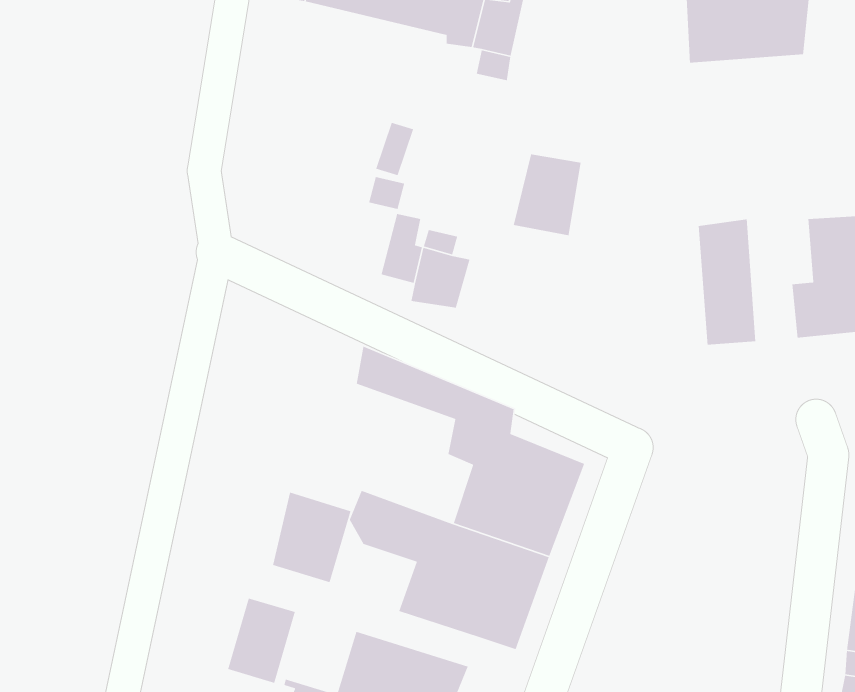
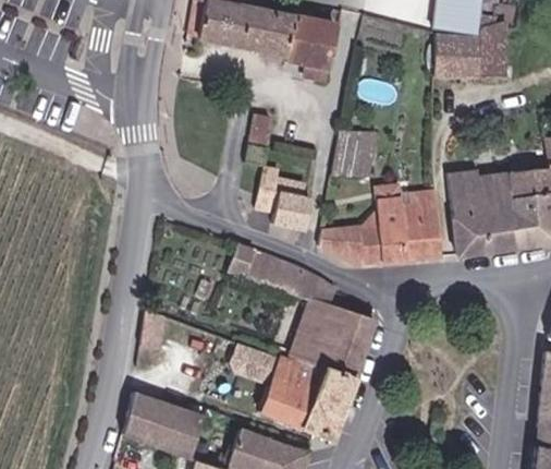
building: none -> [477,170,517,246]
building: none -> [315,191,441,265]
building: [272,492,351,583] -> [120,393,169,449]

